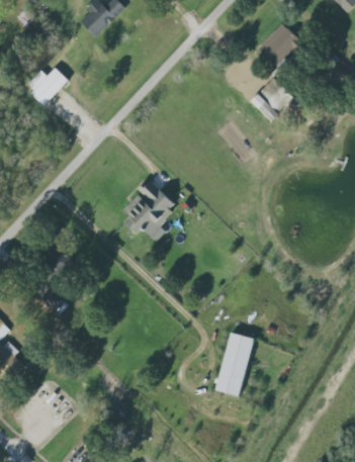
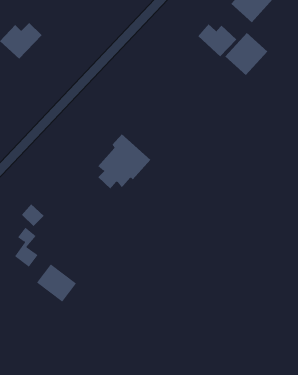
building: none -> [197,24,237,57]
building: none -> [36,264,77,302]
building: [216,333,256,396] -> none

